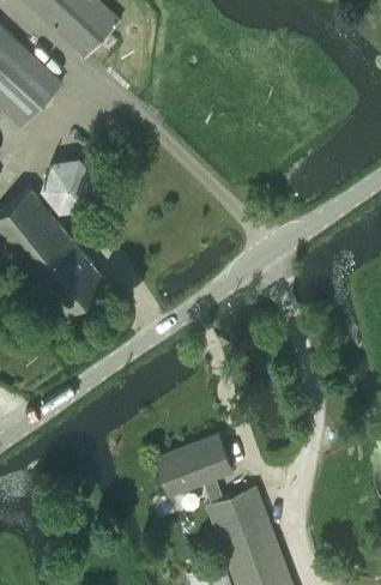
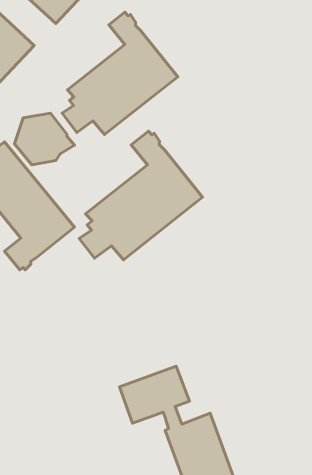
building: none -> [62,12,178,135]
building: none -> [79,131,203,260]

